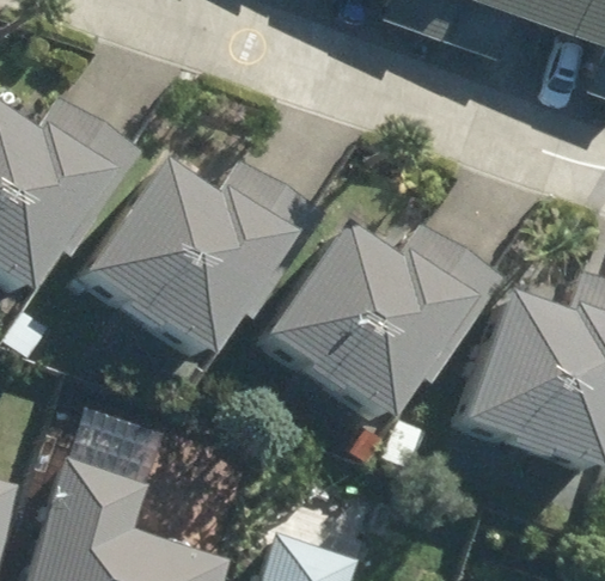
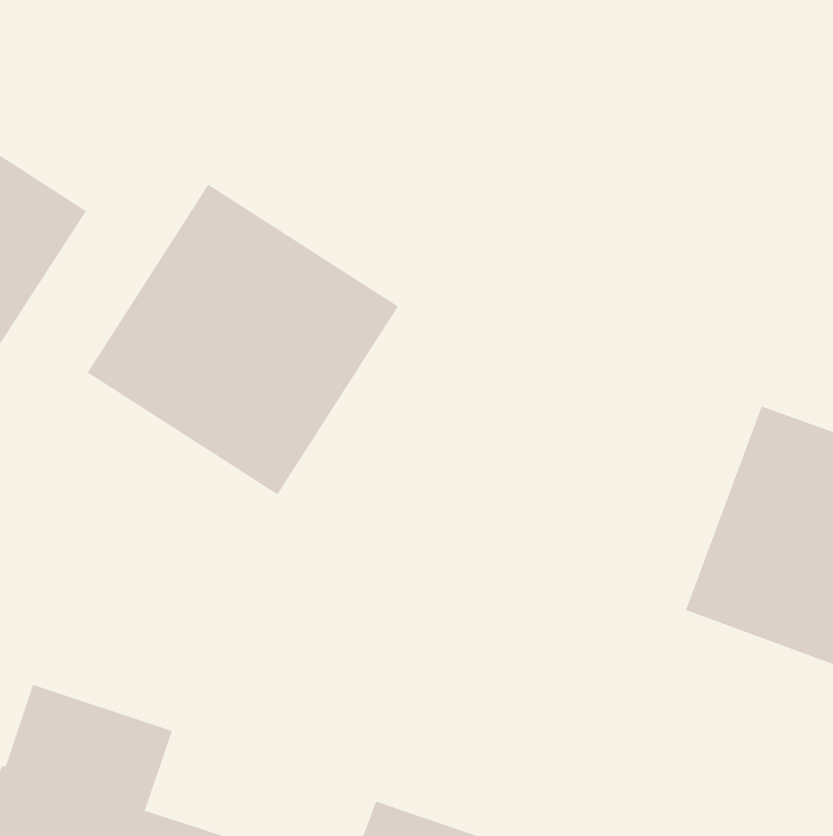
building: [282,220,475,411] -> none

